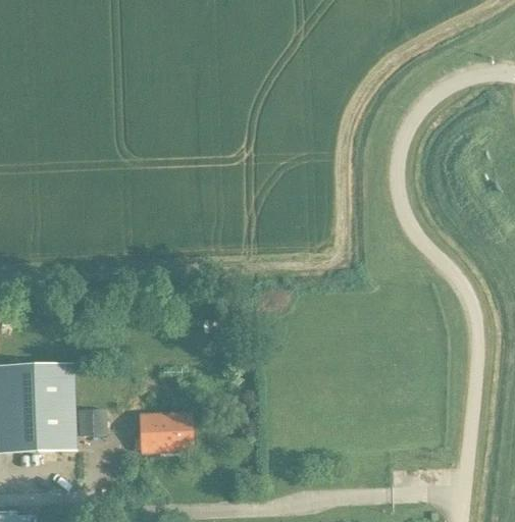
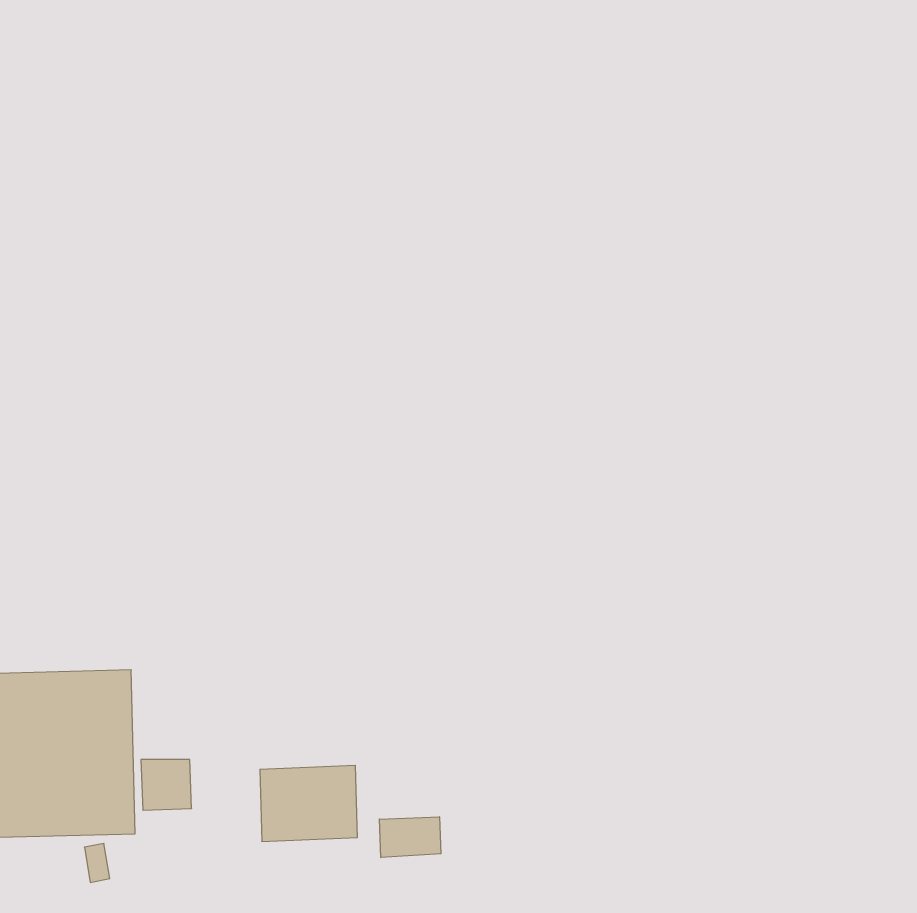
building: none -> [379,817,441,858]

